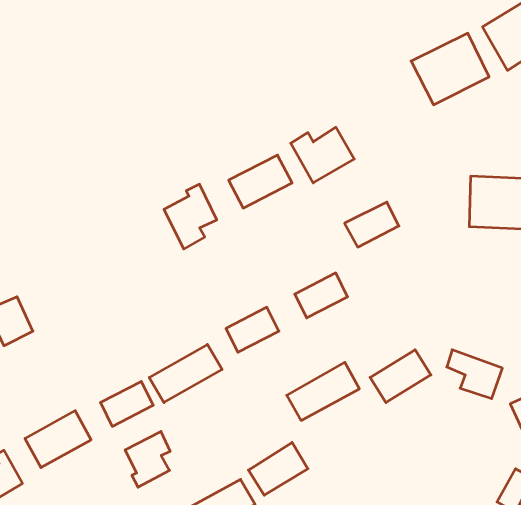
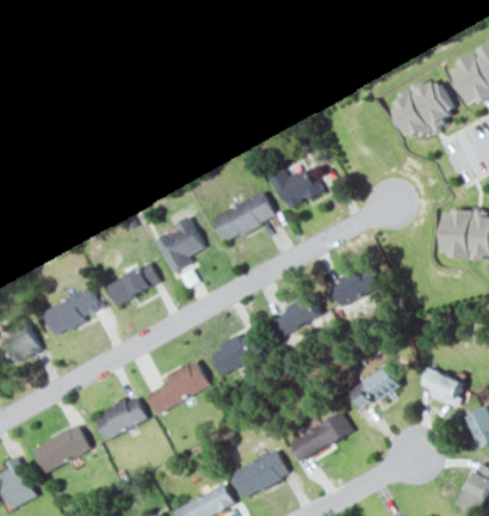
building: [345,202,399,247] -> [332,268,380,308]
building: none -> [105,263,157,308]
building: none -> [48,290,98,334]
building: [287,362,359,420] -> [289,408,354,461]
building: [125,431,170,487] -> none

